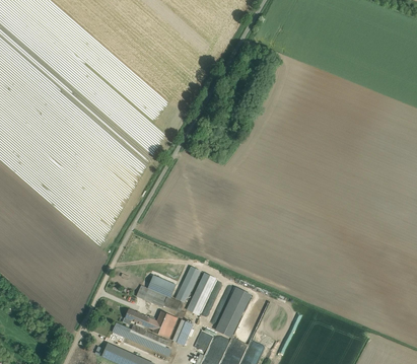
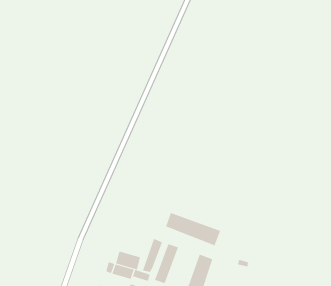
building: none -> [165,212,221,246]

